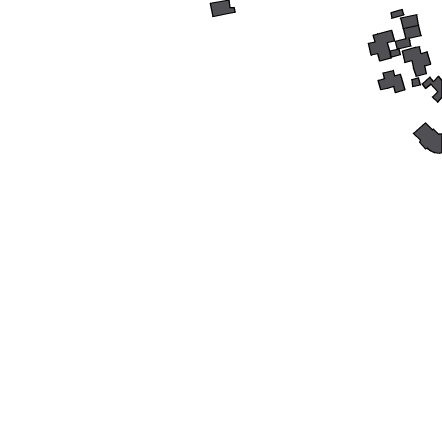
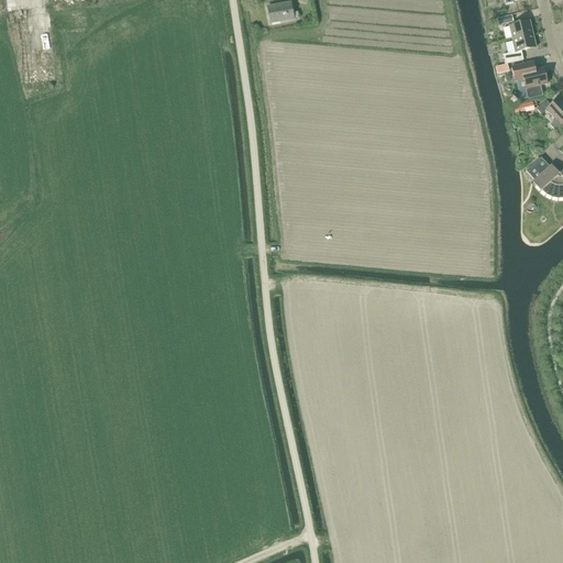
building: [369,30,395,61] -> none
building: [378,70,405,93] -> none

